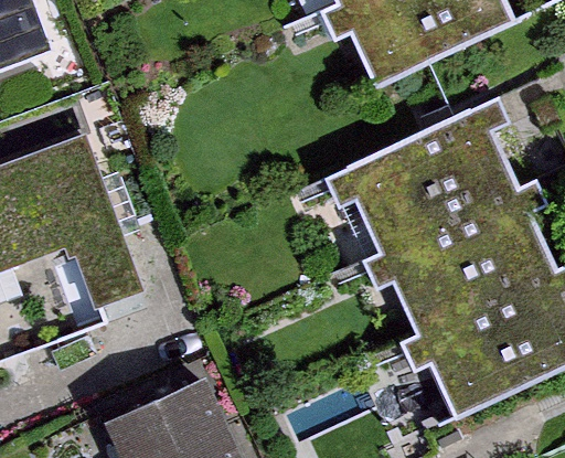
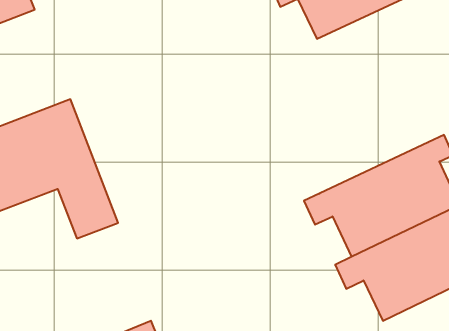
building: [331,107,520,254] -> none

